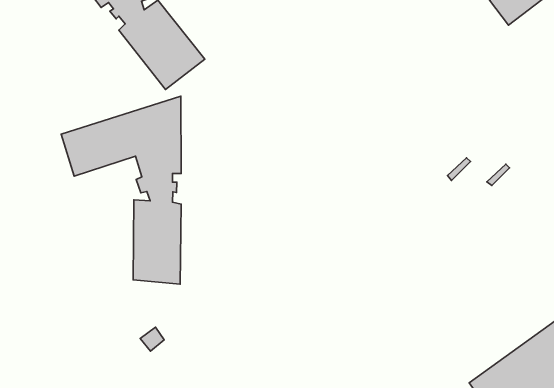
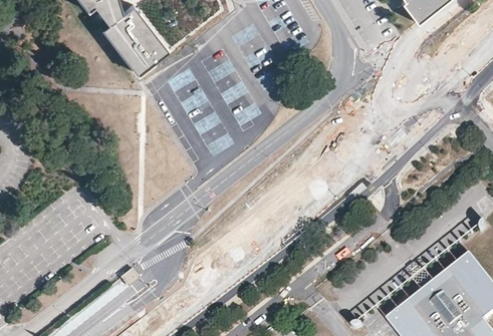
building: [61,96,181,284] -> none

